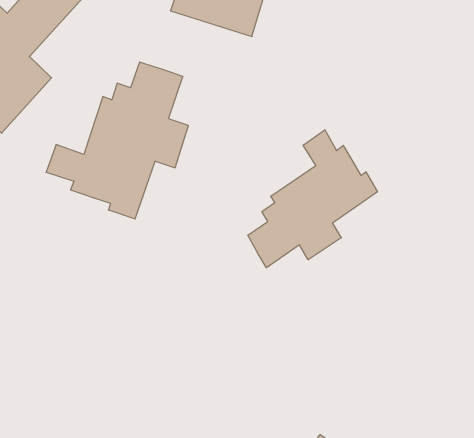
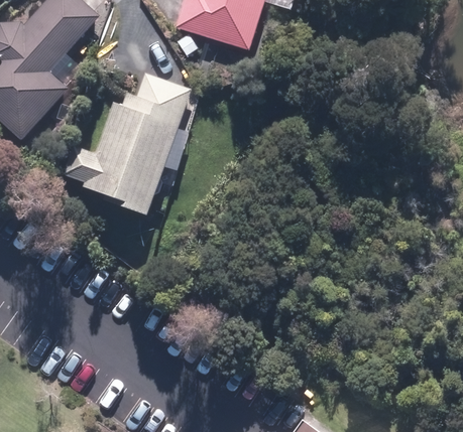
building: [248,130,377,268] -> none

